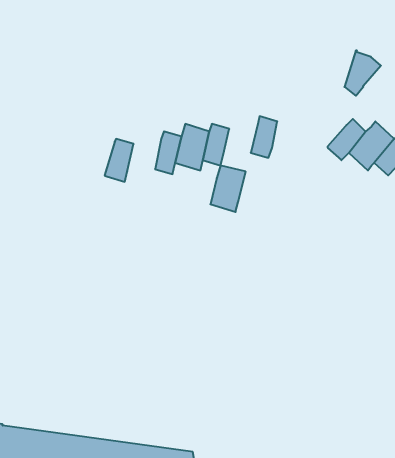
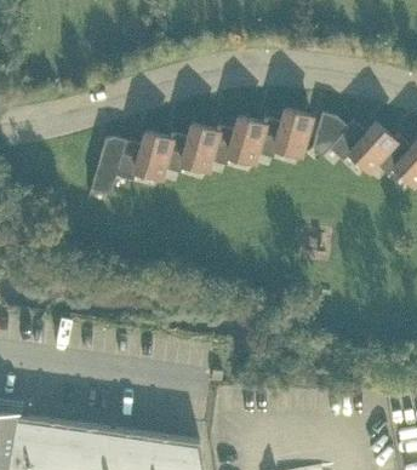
building: [344,51,381,96] -> [309,113,344,156]
building: none -> [274,110,308,155]
building: none -> [135,132,167,177]
building: none -> [90,138,122,195]
building: [210,165,246,212] -> [227,117,261,162]

